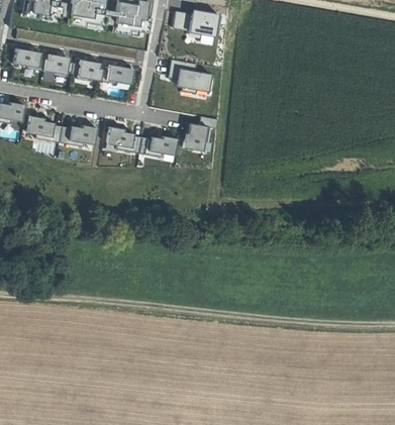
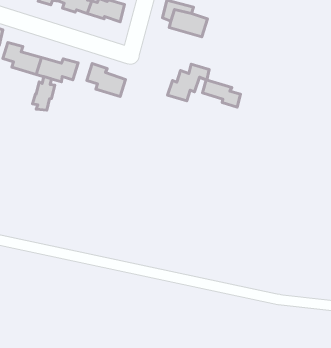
building: none -> [202,80,241,107]
building: [139,135,177,156] -> none
building: none -> [33,77,55,110]

